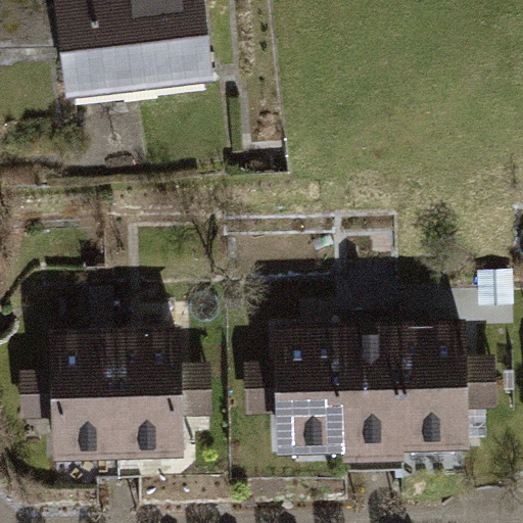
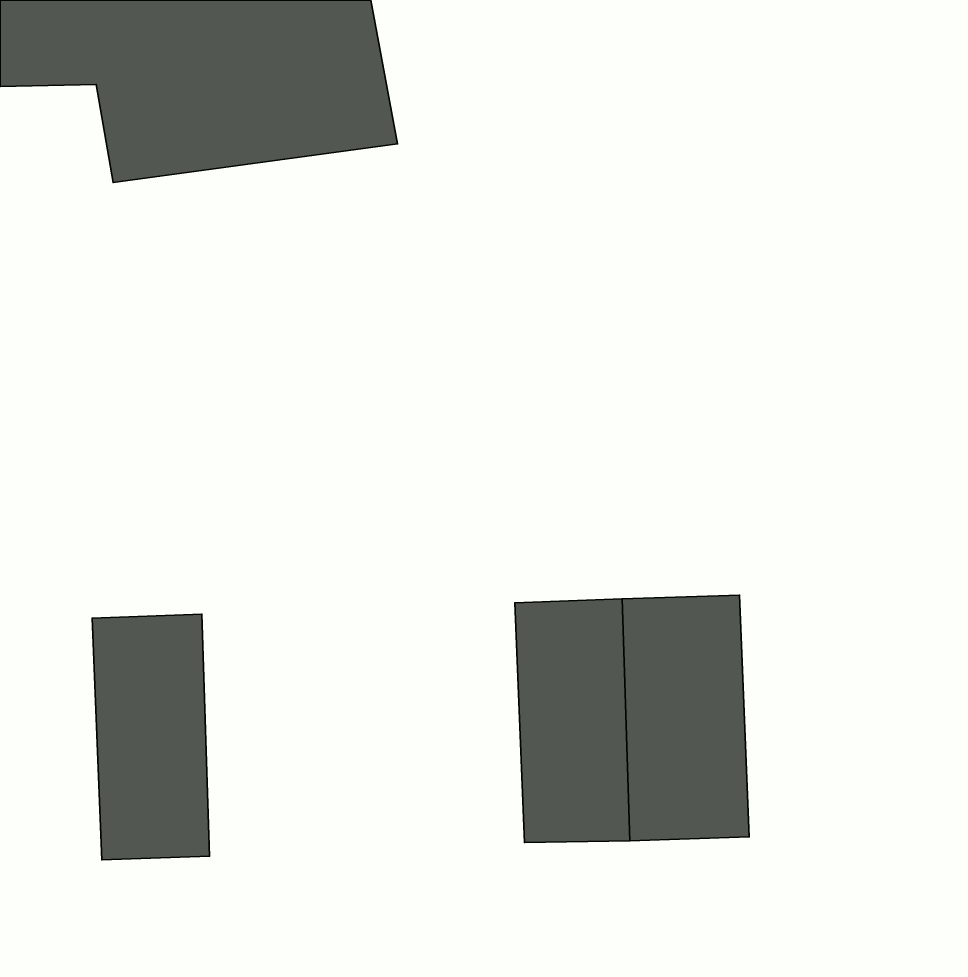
building: [400,317,461,447] -> none
building: [114,327,181,458] -> none

